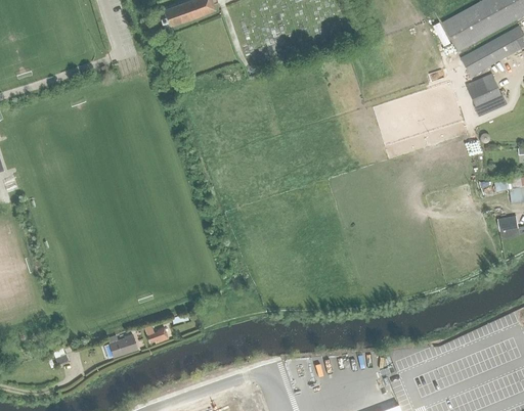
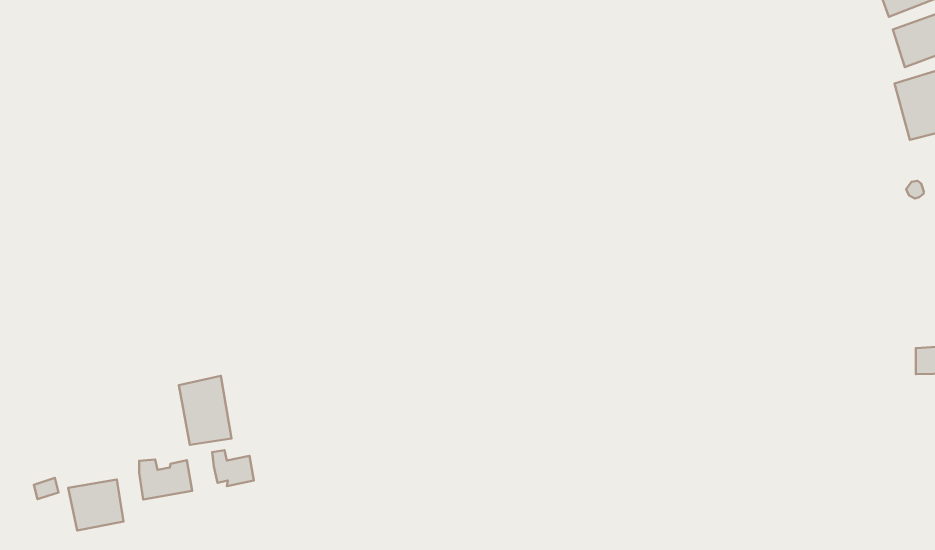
building: none -> [179,376,232,445]
building: none -> [68,479,124,530]

